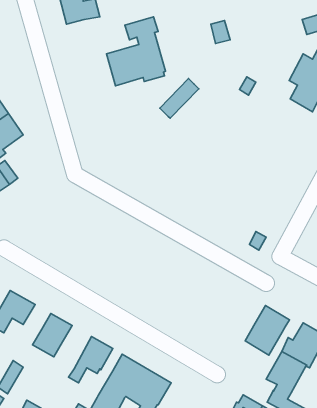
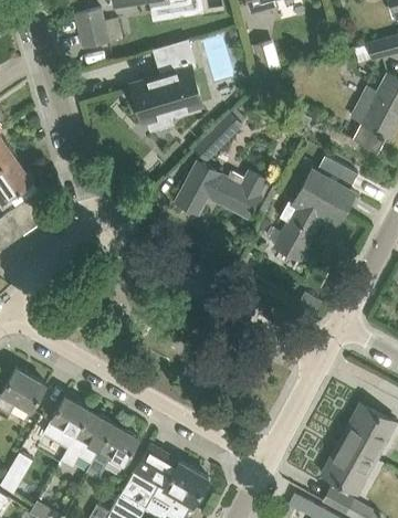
building: none -> [274,160,357,261]
building: none -> [175,162,268,219]
building: none -> [9,198,45,234]
building: [245,305,289,355] -> none
building: none -> [61,411,113,467]

